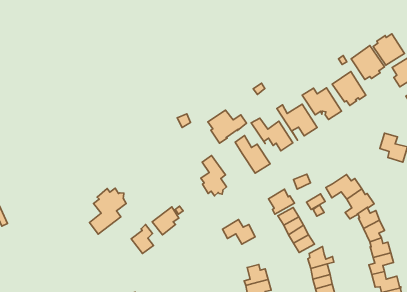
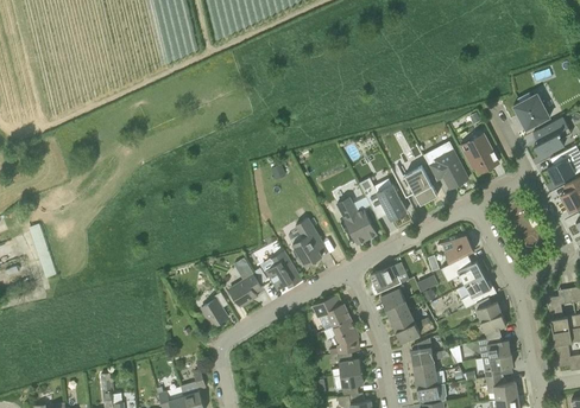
building: [351,45,384,80] -> none
building: [208,110,246,143] -> none
building: none -> [441,235,474,264]
building: none -> [261,250,302,289]
building: [90,188,126,234] -> none
building: none -> [328,319,358,355]

